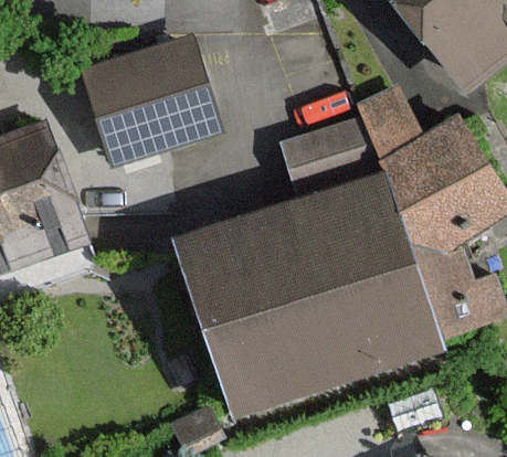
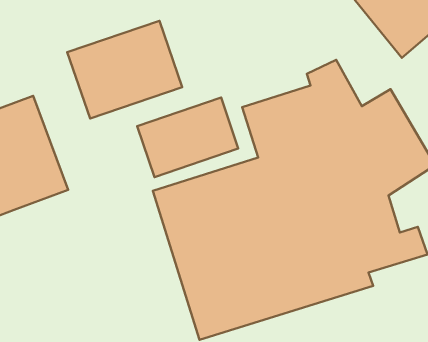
building: none -> [137,98,238,177]

